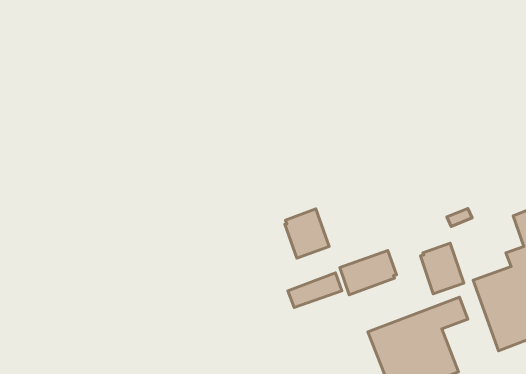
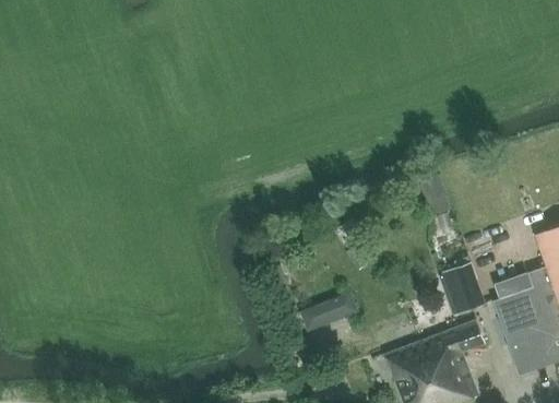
building: [285,209,329,258] -> none
building: [340,250,396,295] -> none

